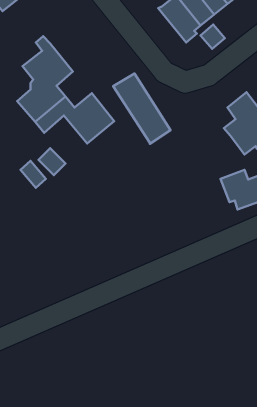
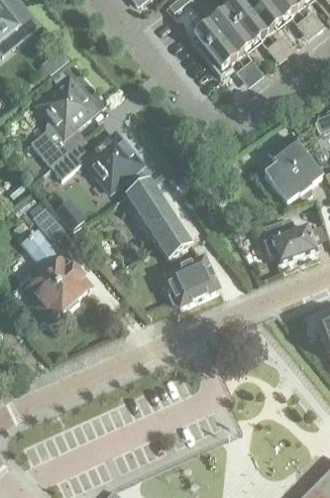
building: [113,73,171,144] -> [126,180,191,259]
building: none -> [24,231,91,320]
building: none -> [163,256,218,306]

